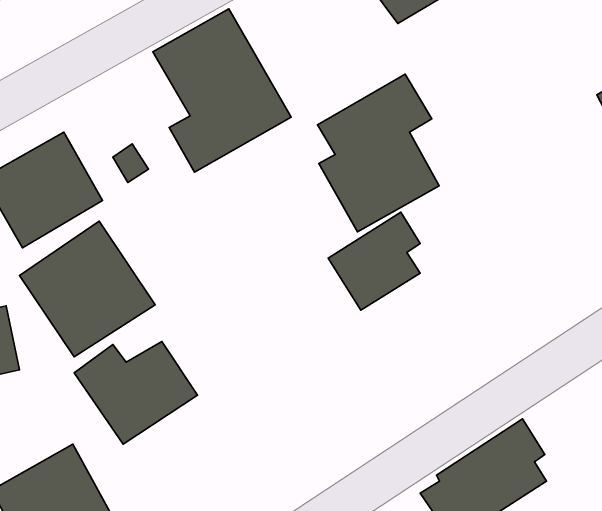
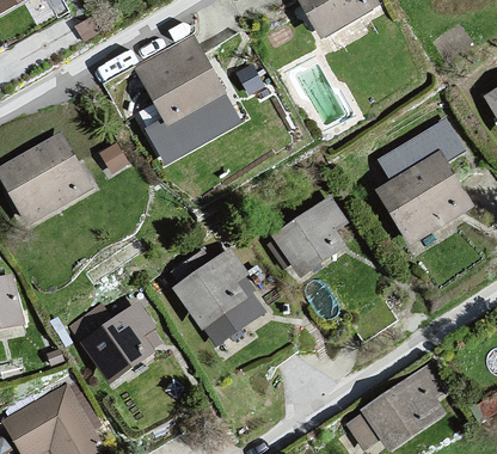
building: [317,74,439,232] -> [375,115,473,241]
building: [19,221,155,357] -> none
building: none -> [172,246,266,346]

